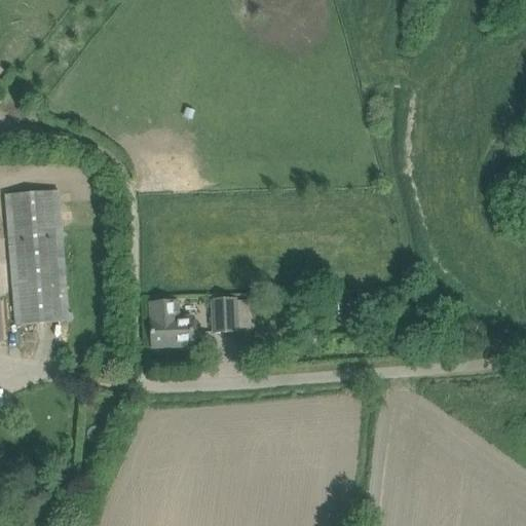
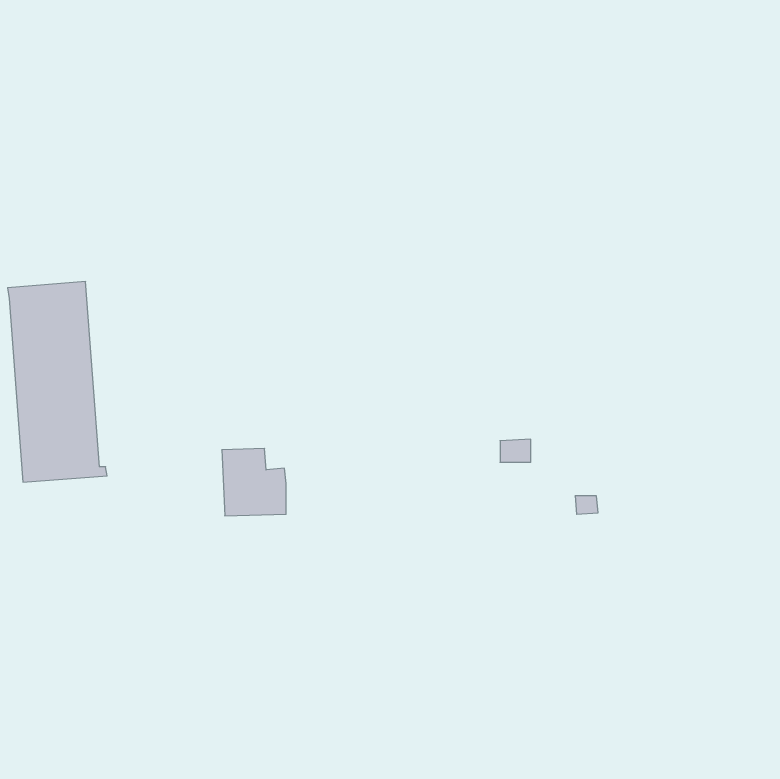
building: [211,298,237,332] -> none

